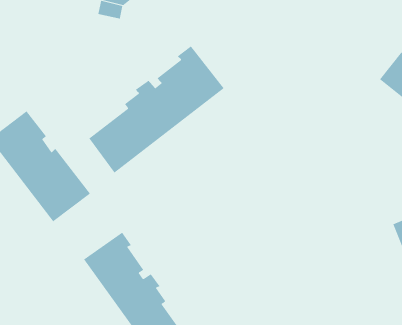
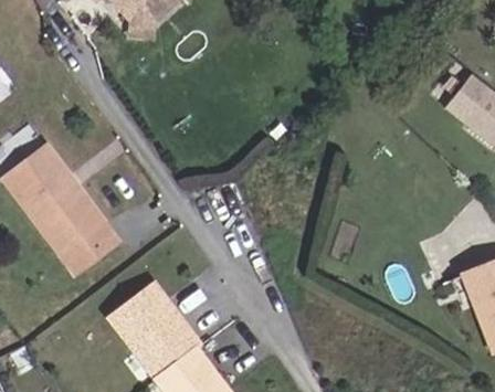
building: [88,45,225,173] -> none

